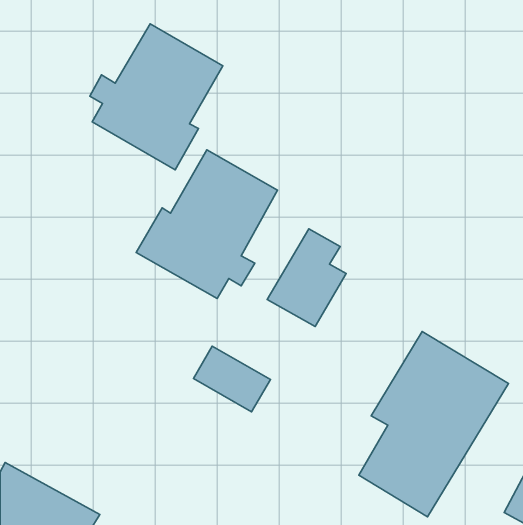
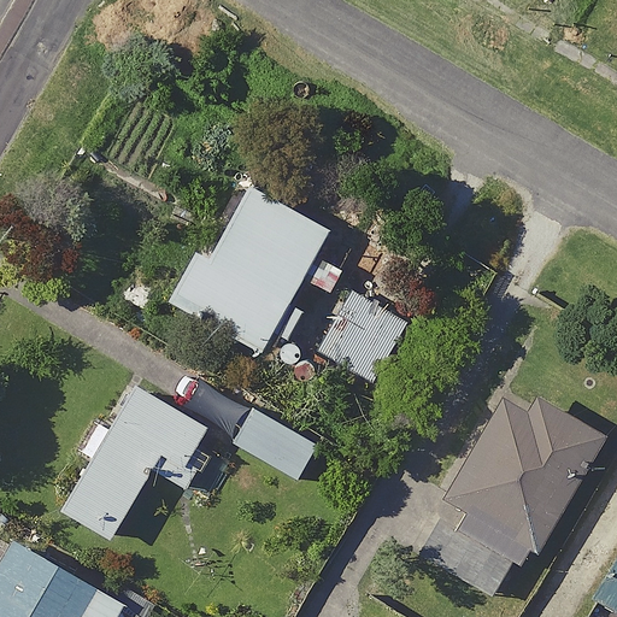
building: [90,24,223,170] -> none
building: none -> [58,381,216,541]

